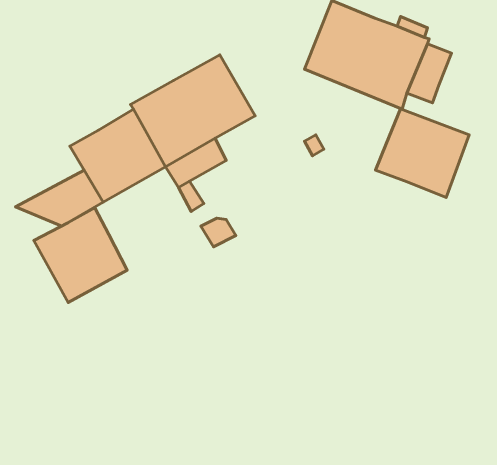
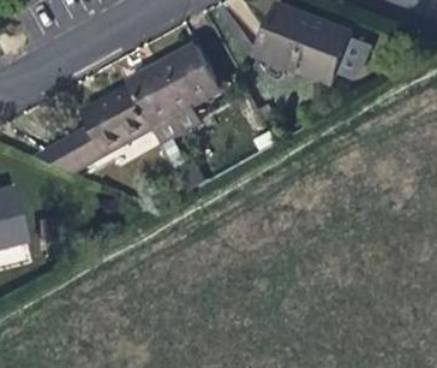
building: [375,109,469,197] -> none
building: [34,208,127,303] -> none

